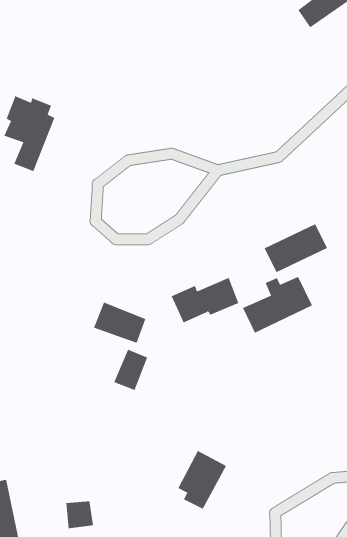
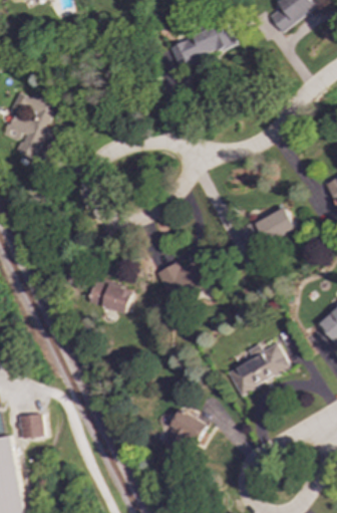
building: none -> [171,20,237,67]
building: [242,276,313,333] -> [227,342,290,394]
building: [113,349,148,391] -> none
building: [66,501,94,529] -> [19,414,44,439]

